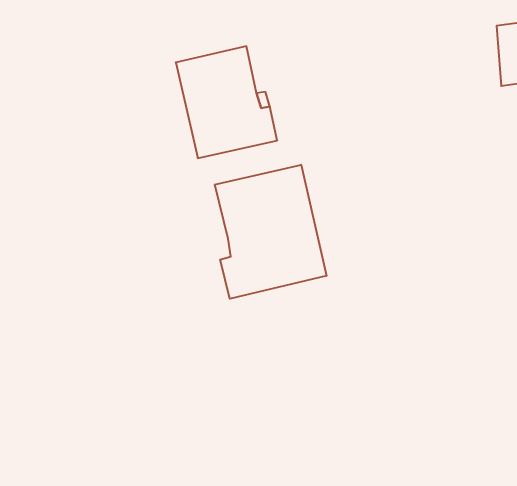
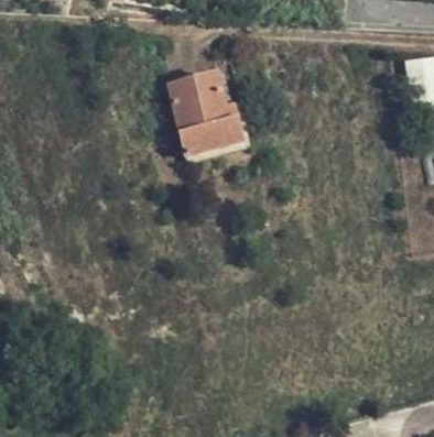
building: [215,165,326,299] -> none

